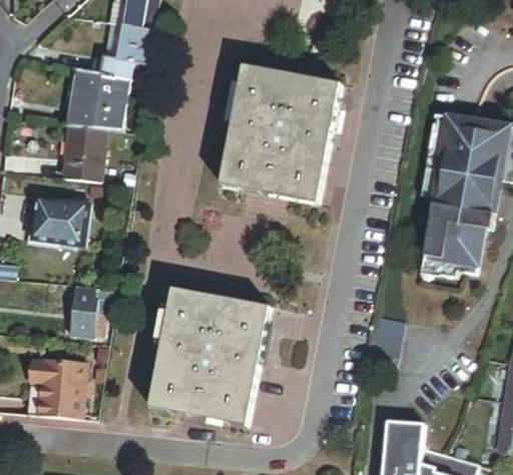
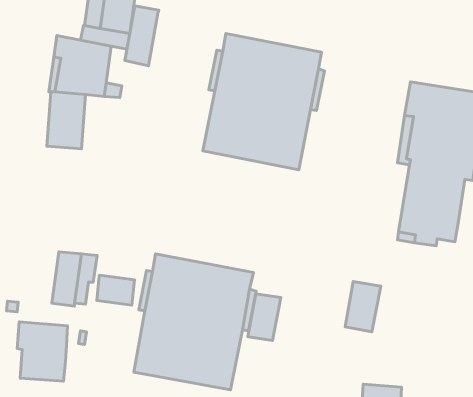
building: none -> [125,6,159,66]
building: [30,196,89,247] -> none
building: none -> [97,275,134,305]
building: none -> [248,294,281,340]

